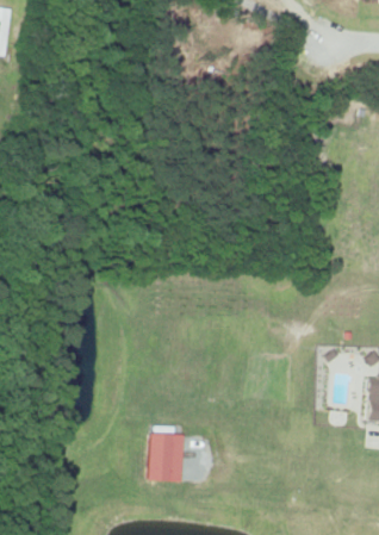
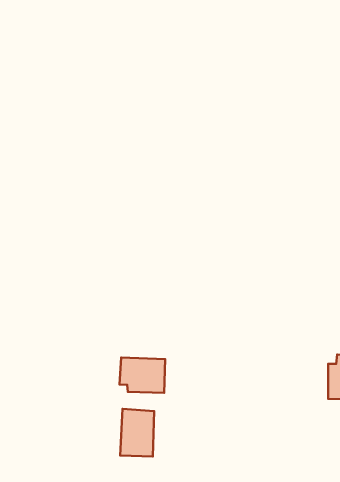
building: none -> [119,358,165,393]

